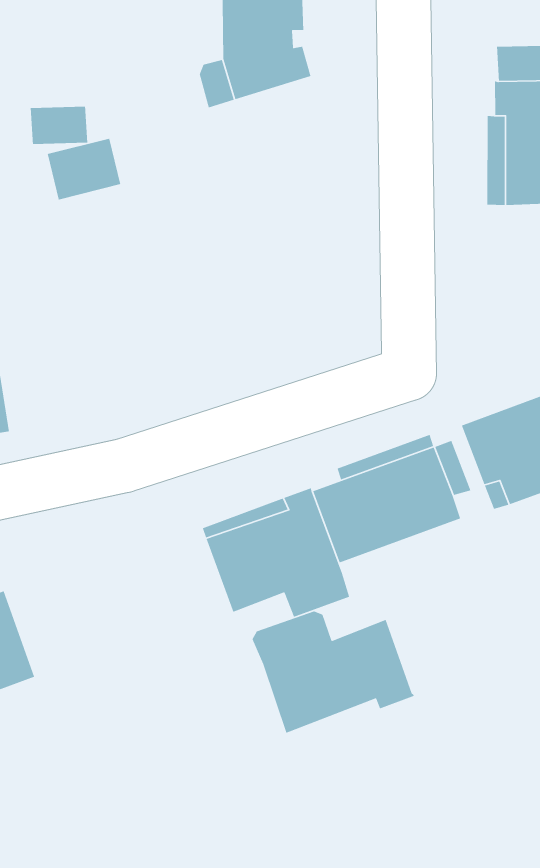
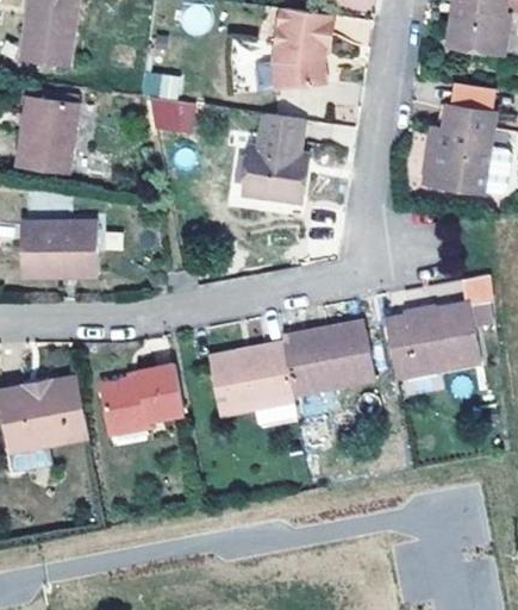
building: none -> [244,113,302,201]
building: none -> [100,365,183,434]
building: [252,611,415,734] -> none

